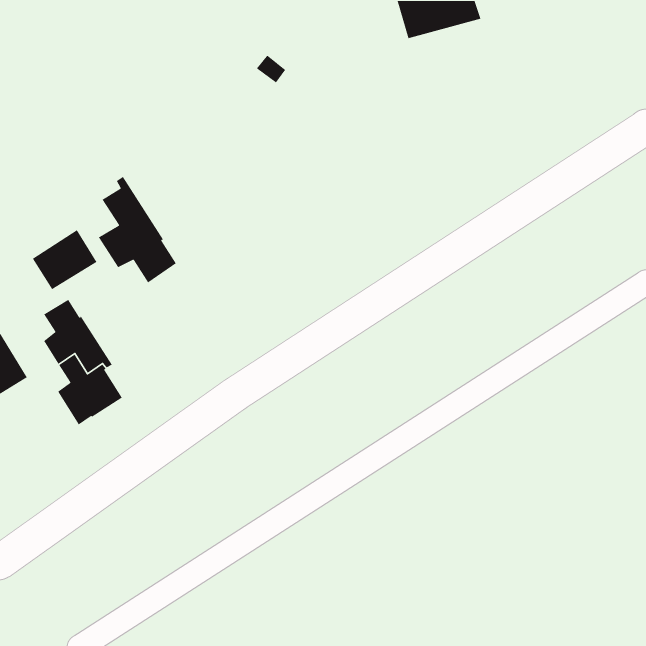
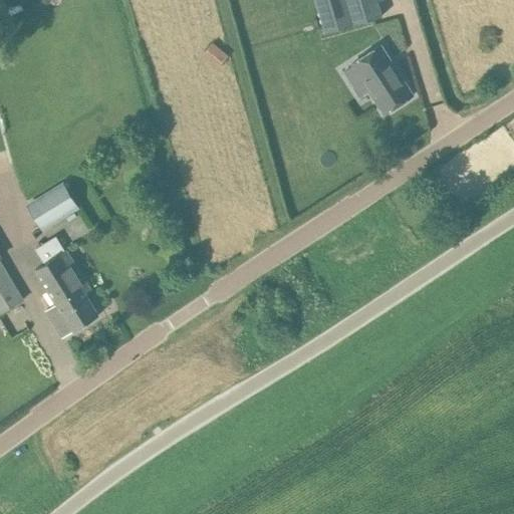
building: none -> [350,46,412,114]
building: [98,176,177,283] -> none

